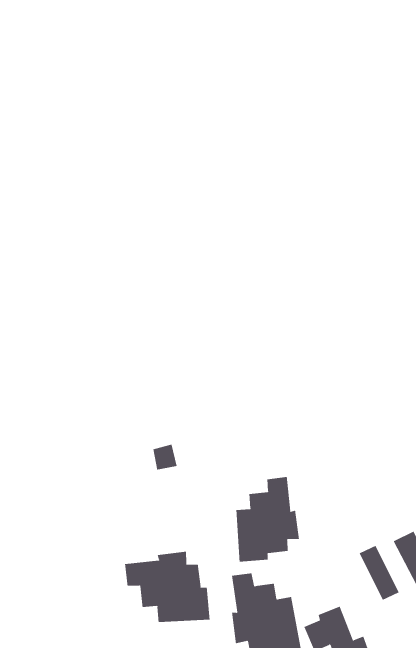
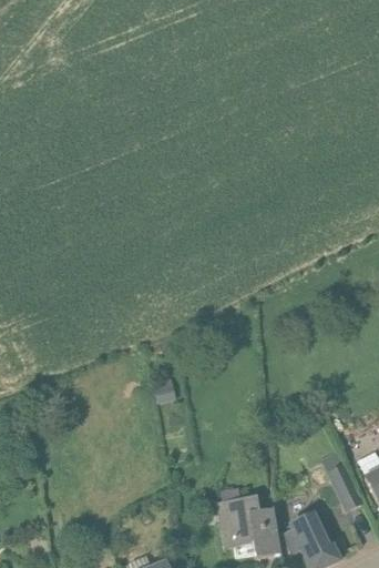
building: [236,476,299,562] -> none
building: [124,551,210,623] -> none

